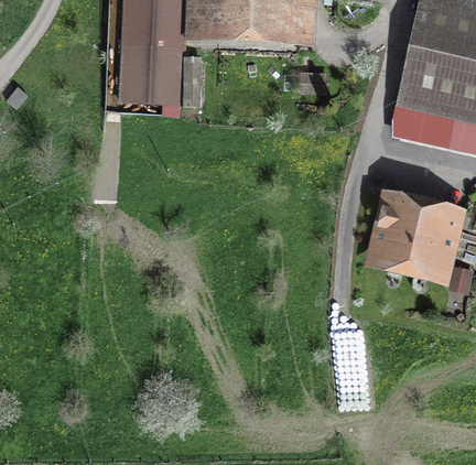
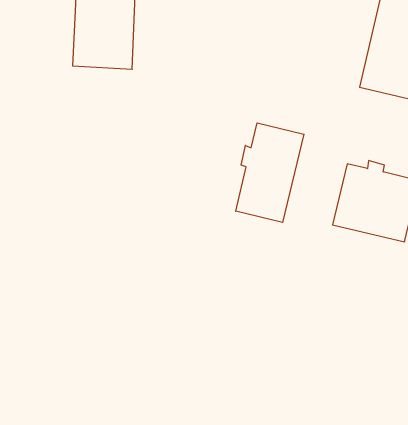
building: none -> [236,123,304,222]

